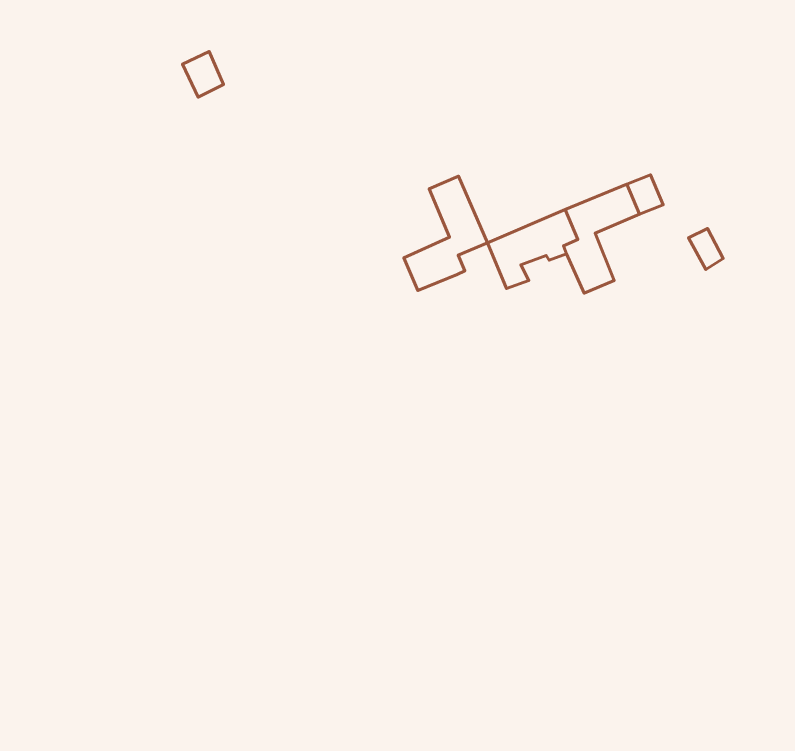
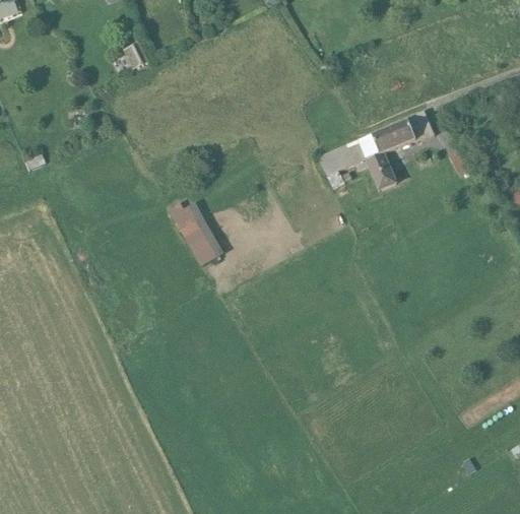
building: [404,176,488,290] -> none
building: none -> [175,201,219,262]

